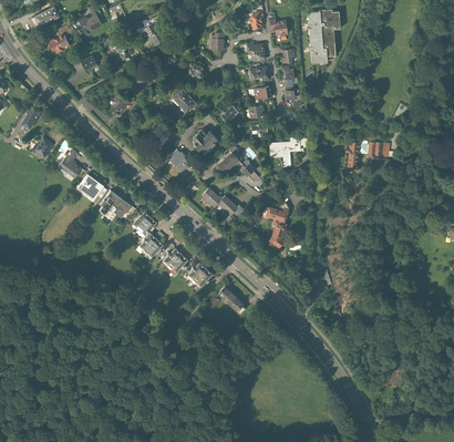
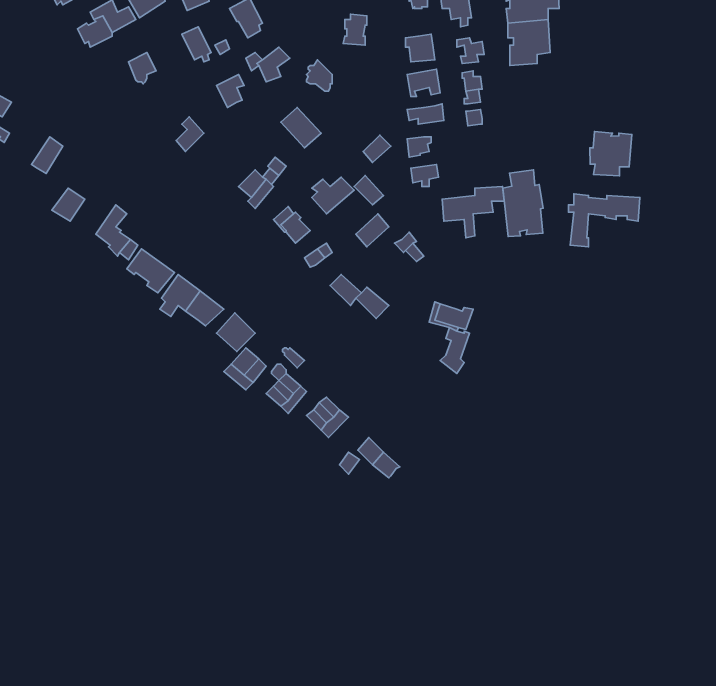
building: none -> [590,132,632,176]
building: none -> [503,170,543,236]

